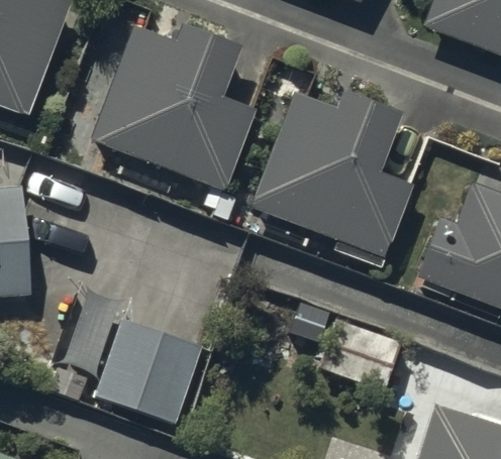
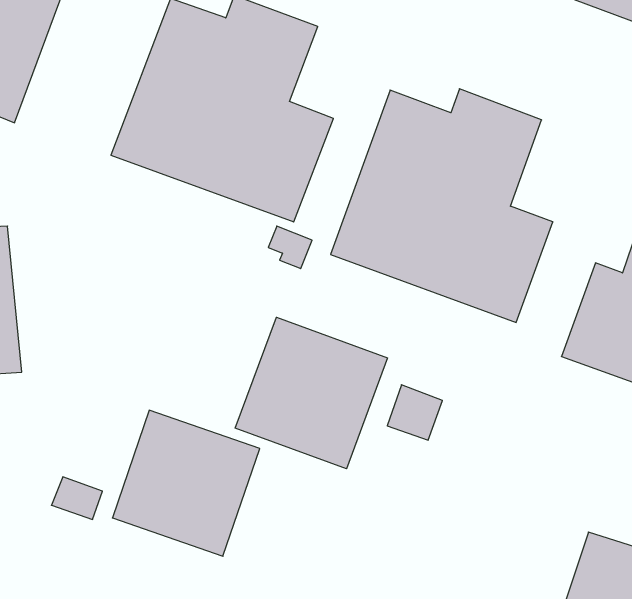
building: none -> [235,317,387,469]

